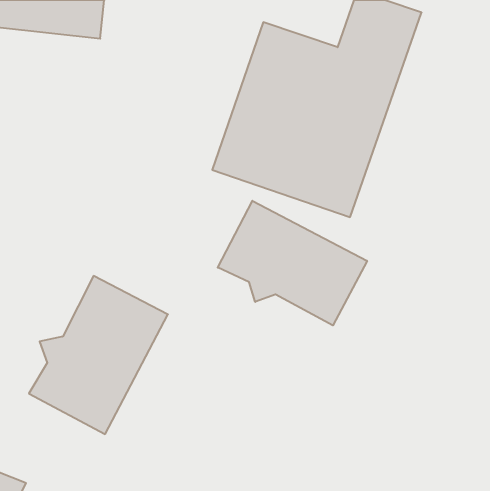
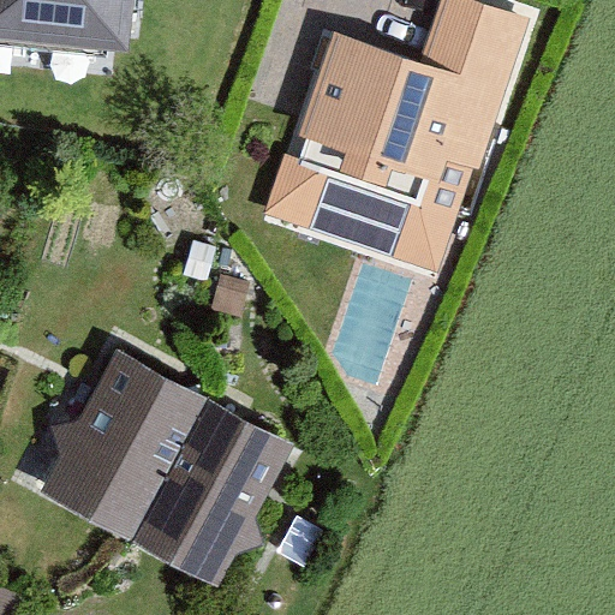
building: [218,201,367,325] -> none
building: none -> [131,394,294,591]

